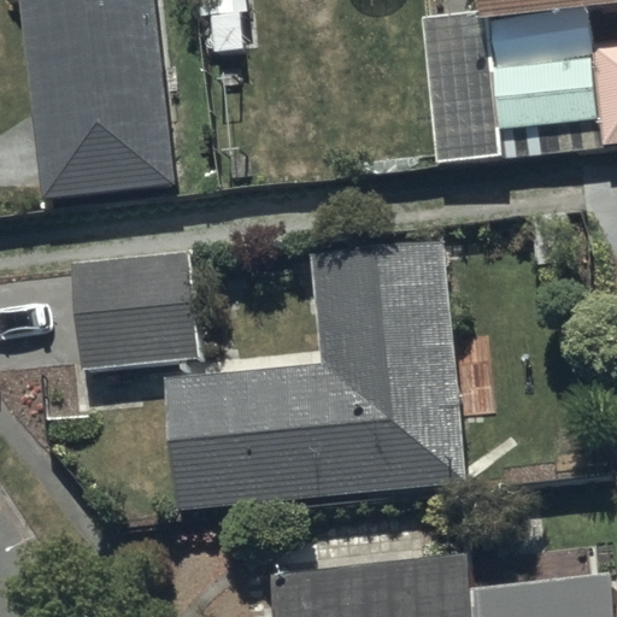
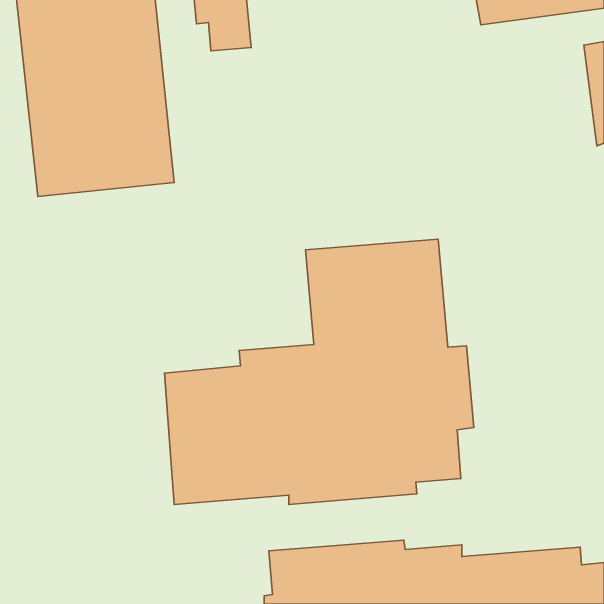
building: [423,12,599,165] -> none
building: [75,253,188,372] -> none

